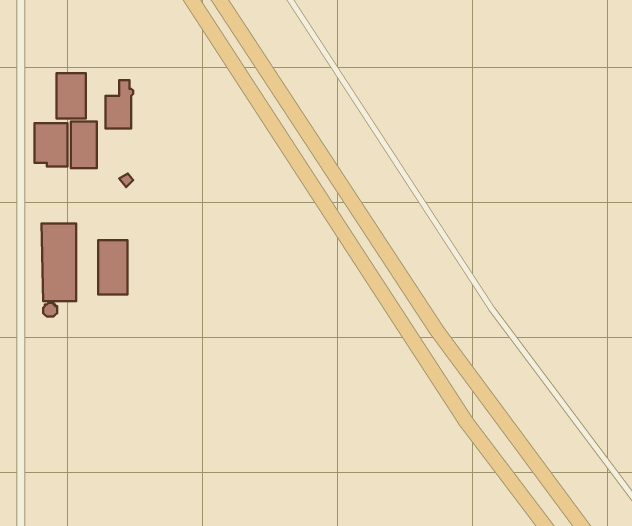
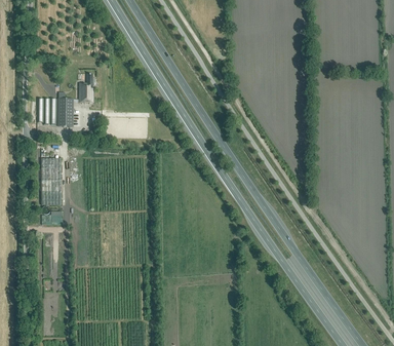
building: [57,73,86,118] -> none
building: [98,240,127,295] -> none

